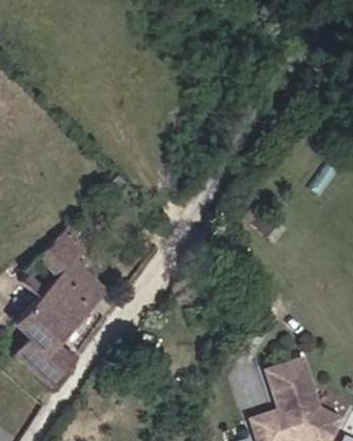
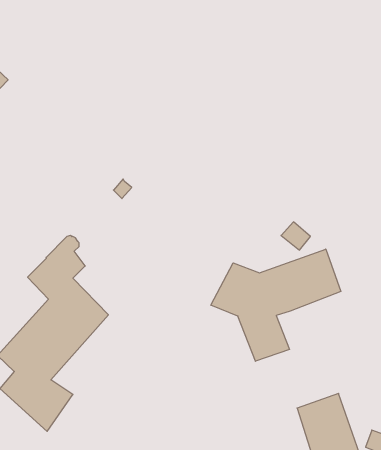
building: none -> [211,249,341,361]

